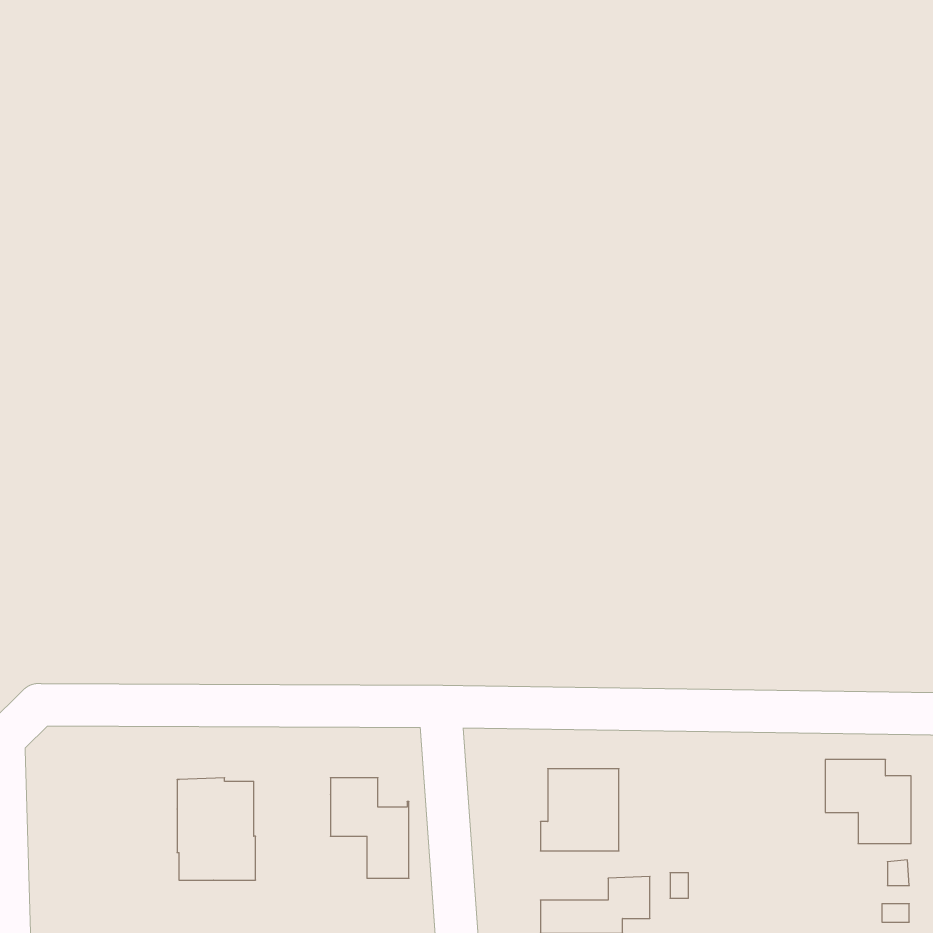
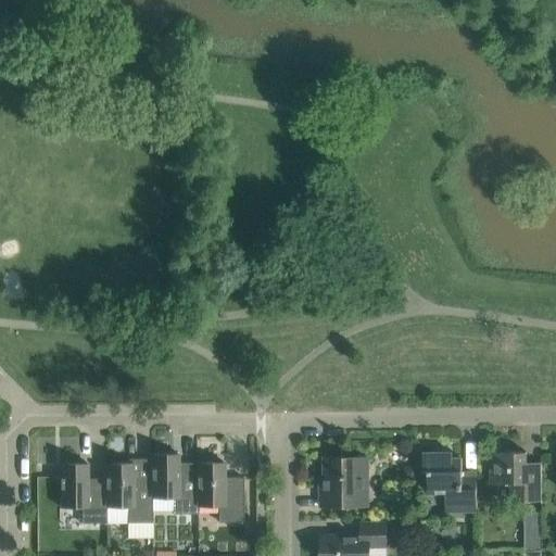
building: none -> [424,452,477,511]
building: none -> [151,454,198,514]
building: none -> [60,464,106,523]

